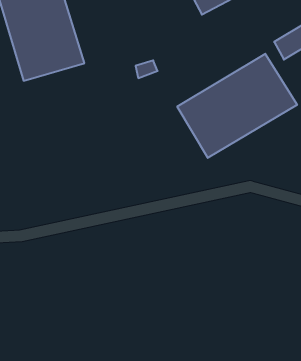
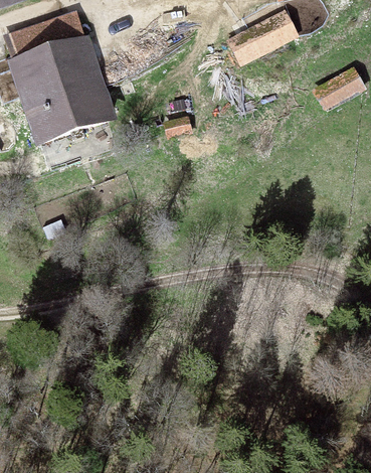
building: [177,54,297,158] -> none

